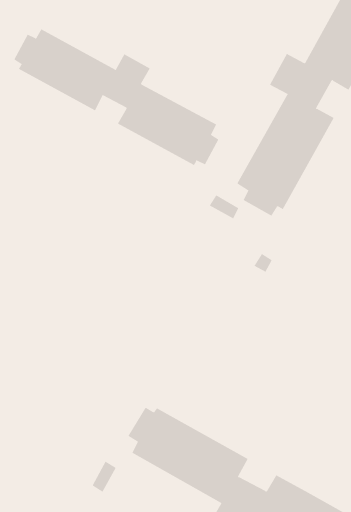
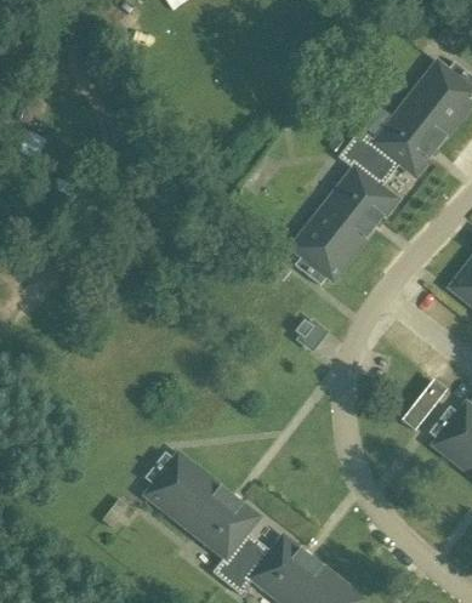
building: [13,28,219,166] -> none

